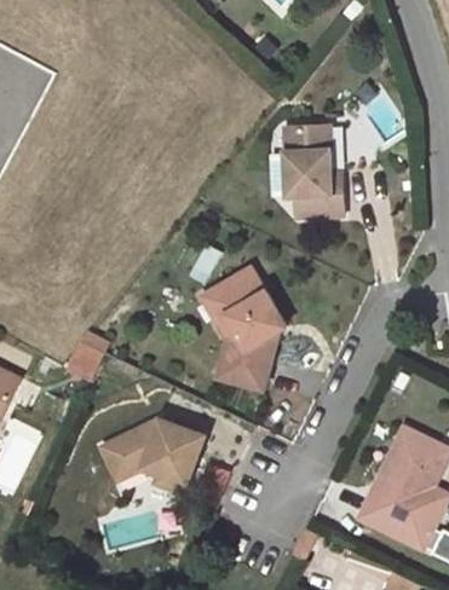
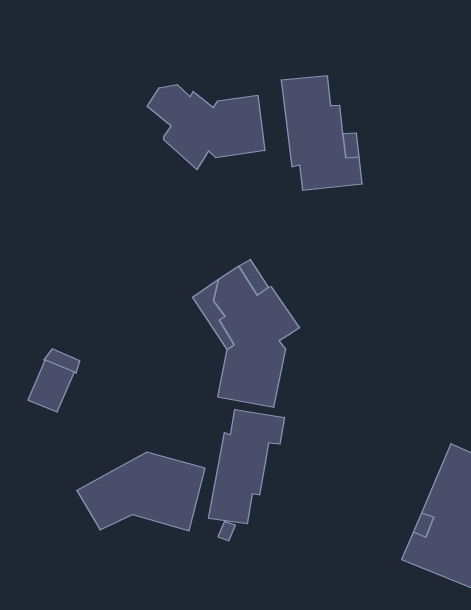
building: none -> [147,85,265,170]
building: none -> [209,409,284,524]

